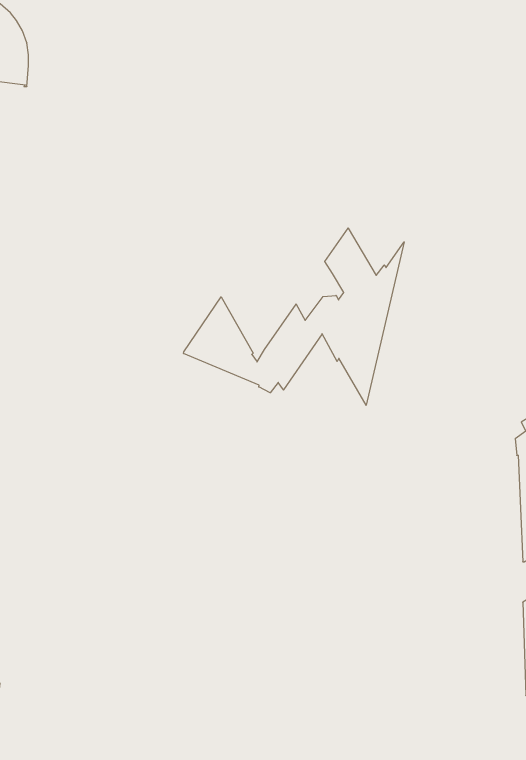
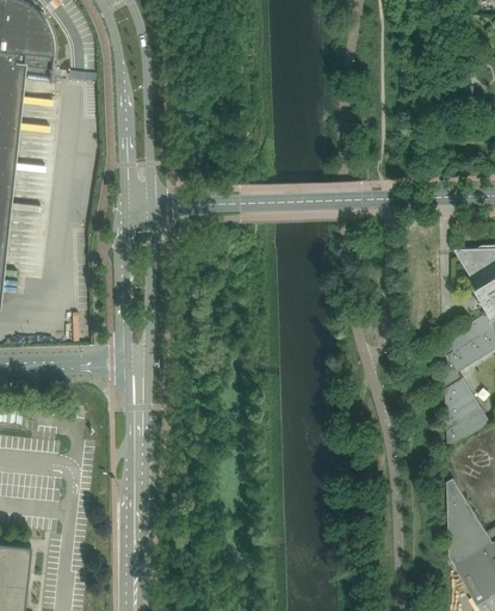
building: [184,228,404,405] -> none

